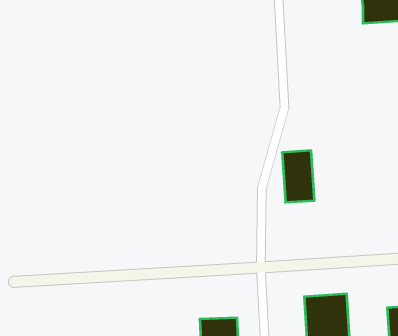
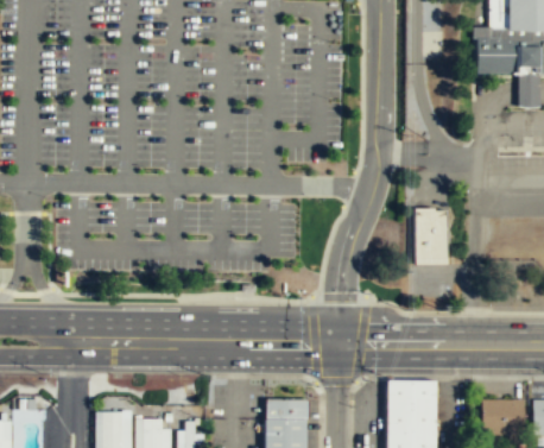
building: [282,151,314,202] -> [415,209,448,266]

